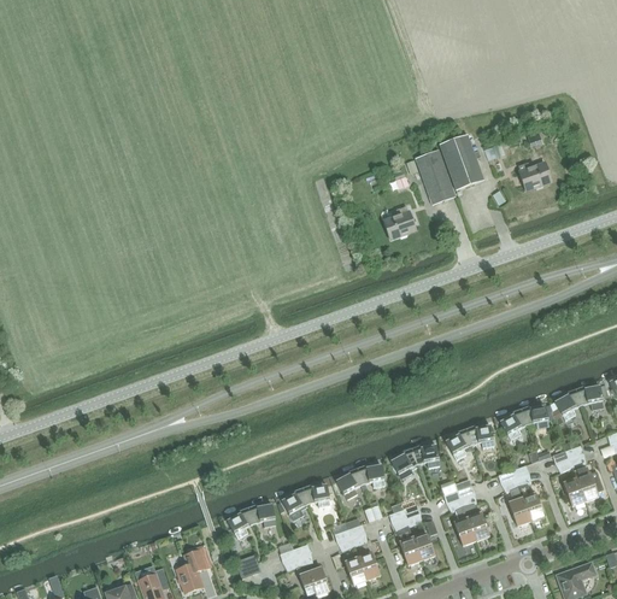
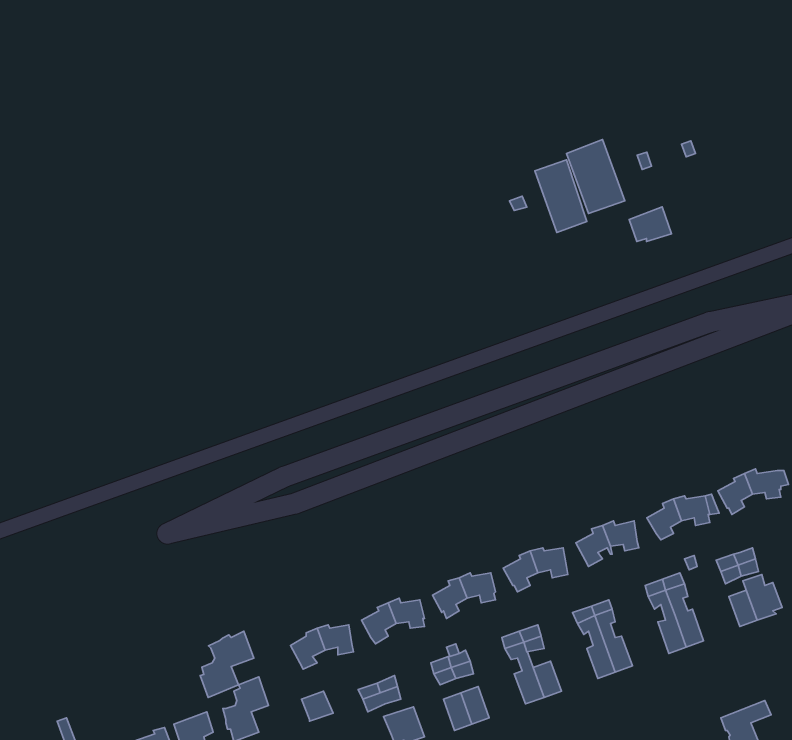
building: [518,160,551,187] -> [629,207,672,242]
building: [382,205,413,239] -> none
building: none -> [200,631,254,698]

